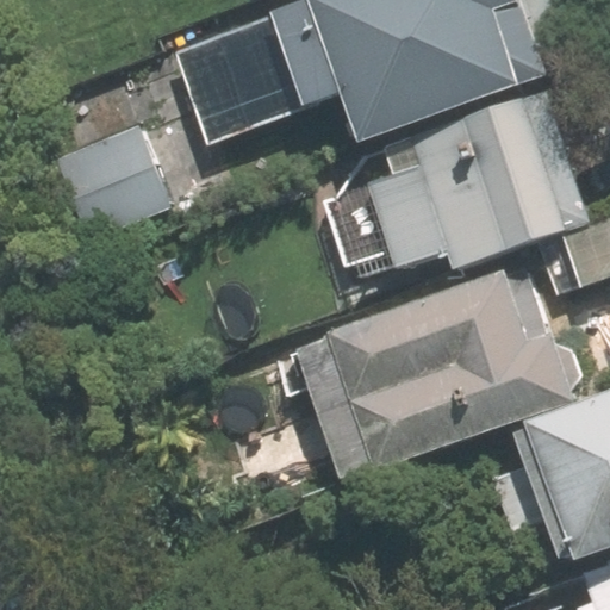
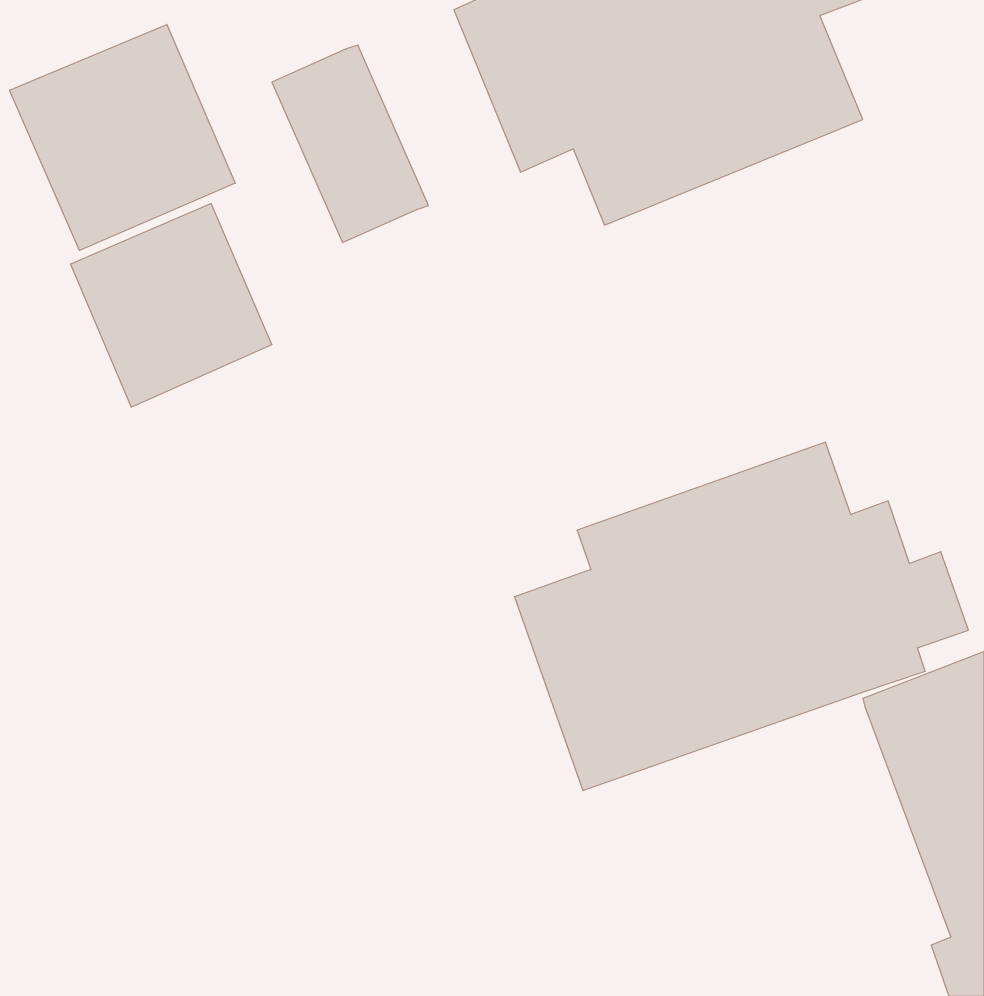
building: none -> [9,24,235,250]
building: [349,88,592,276] -> none

